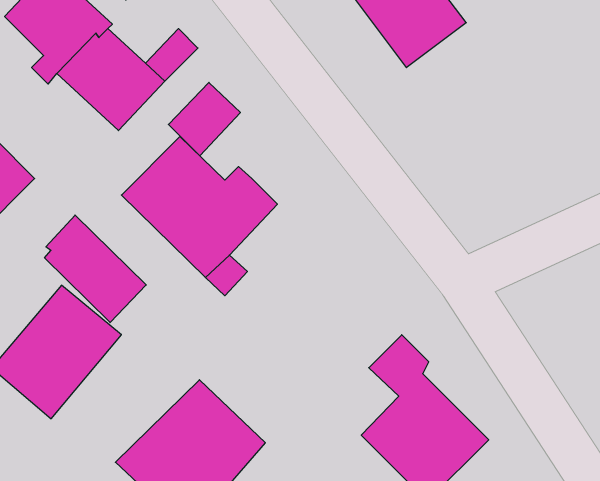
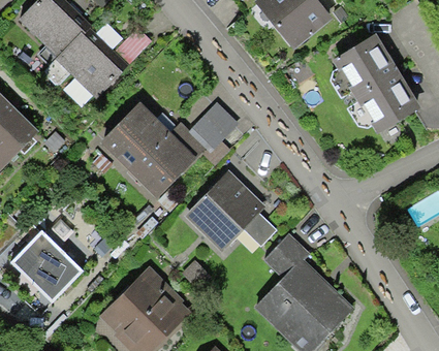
building: none -> [328,39,418,136]
building: [168,82,240,156] -> [187,101,237,152]
building: [45,215,146,323] -> none
building: none -> [175,165,274,257]

